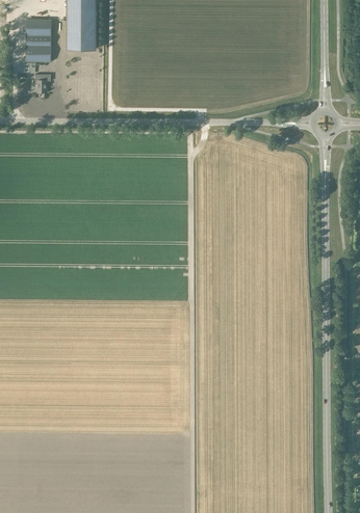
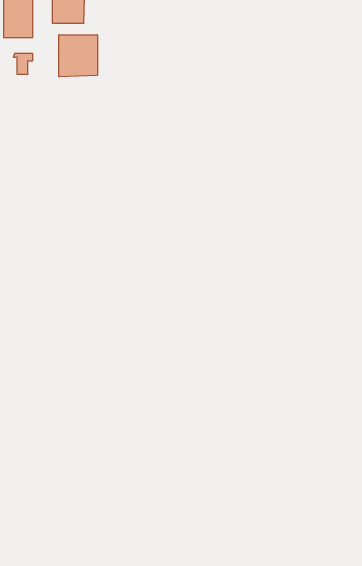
building: none -> [59,35,97,77]

